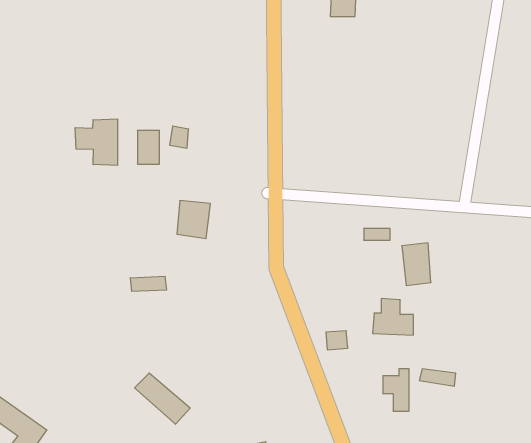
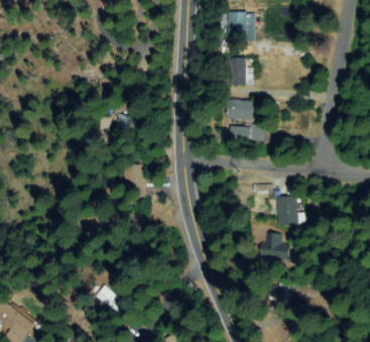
building: none -> [230,61,247,84]
building: none -> [227,102,252,120]
building: [75,119,118,165] -> none
building: none -> [230,124,263,141]

